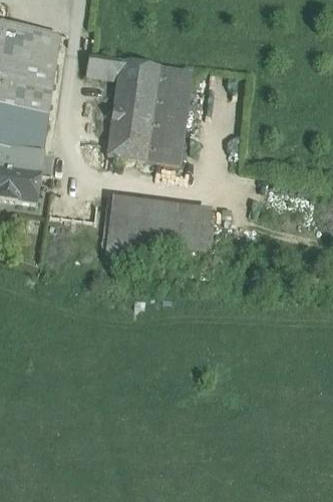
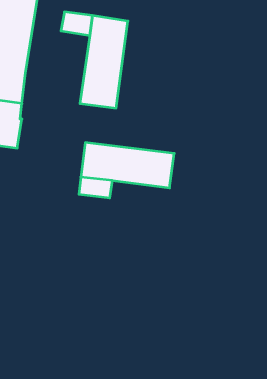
building: [147,62,195,162] -> none

